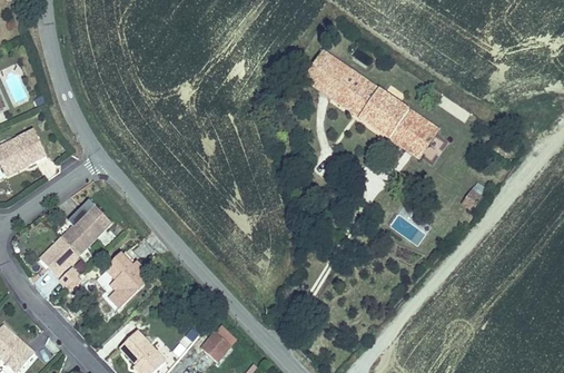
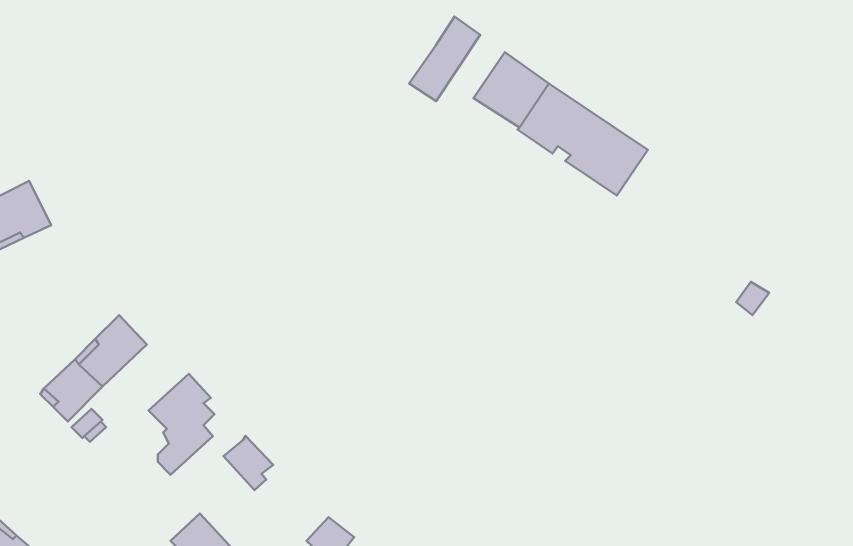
building: none -> [409,16,480,101]
building: [389,109,437,156] -> none
building: none -> [224,436,273,490]

